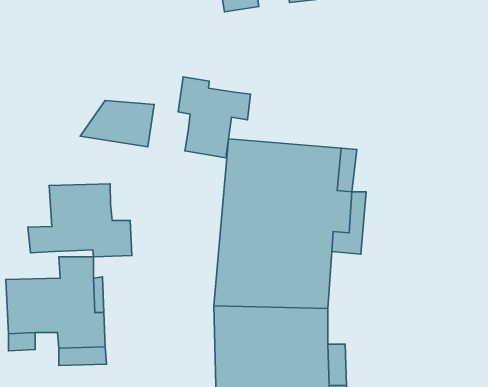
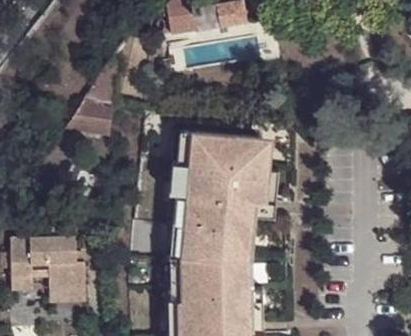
building: [178,77,251,158] -> none
building: [28,184,132,257] -> none

